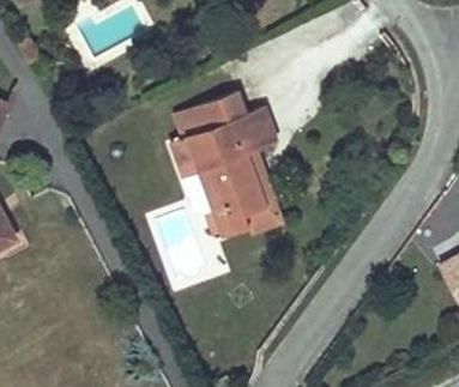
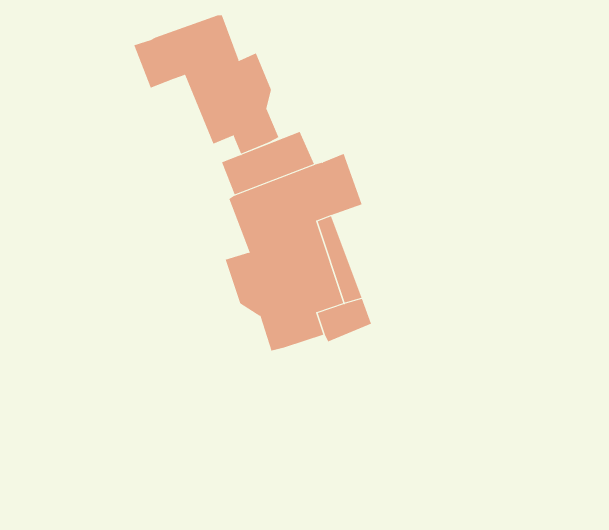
building: none -> [133,14,279,155]

